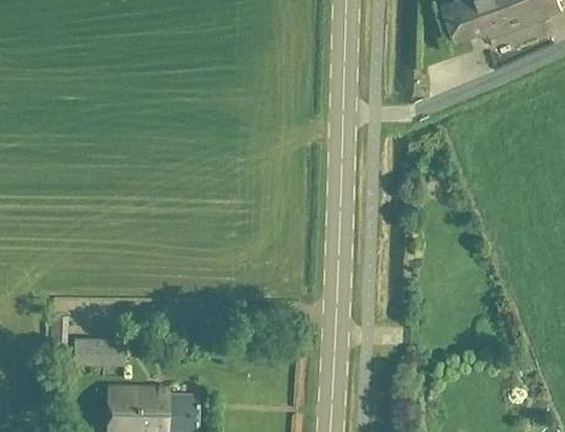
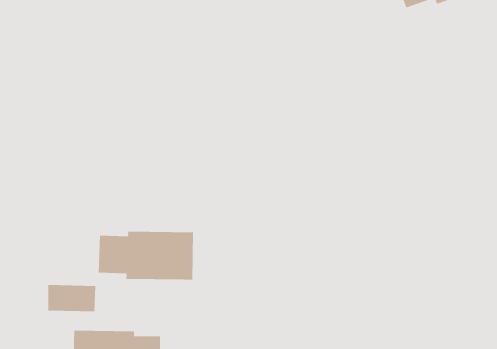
building: none -> [98,231,193,281]

